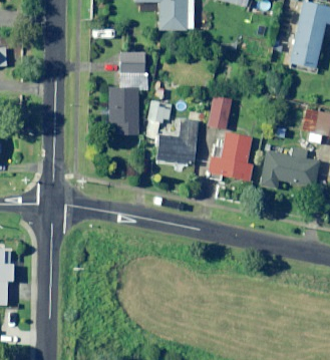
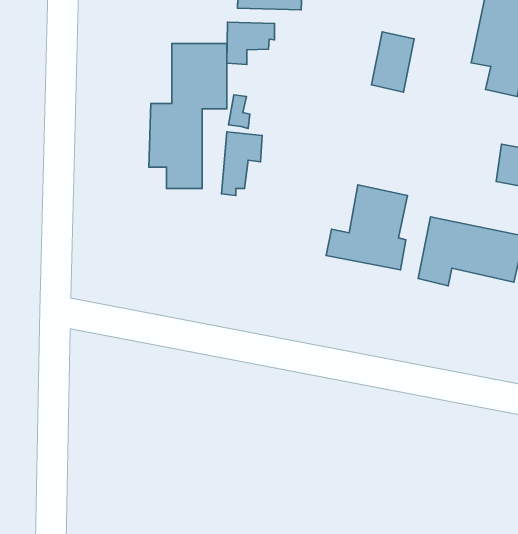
building: none -> [227,22,275,64]
building: [208,94,232,128] -> [372,32,414,92]
building: [154,118,197,166] -> none

